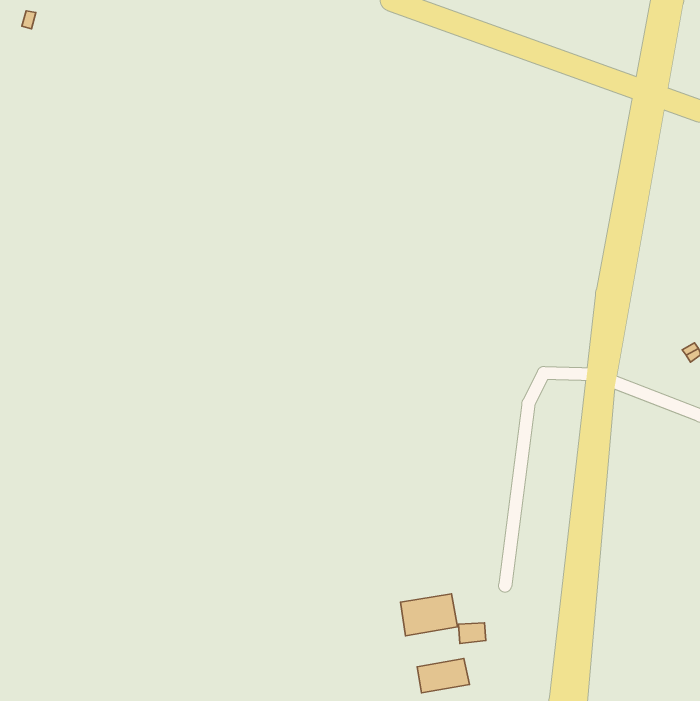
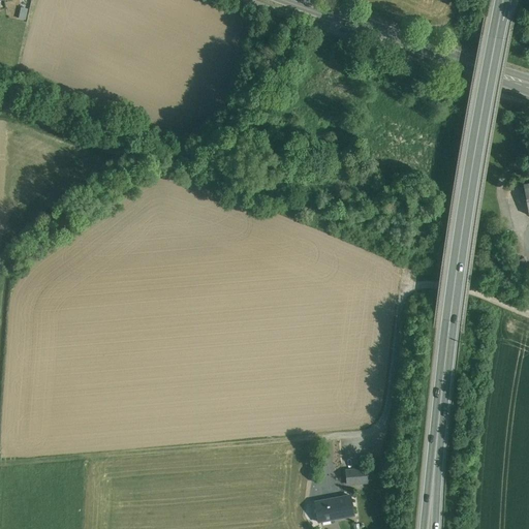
building: [401,594,458,636] -> none

